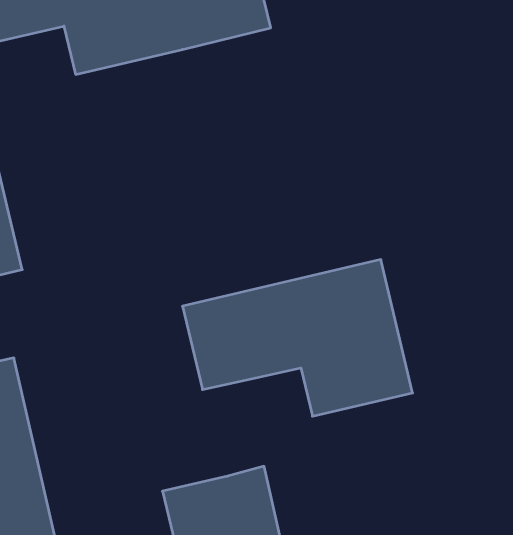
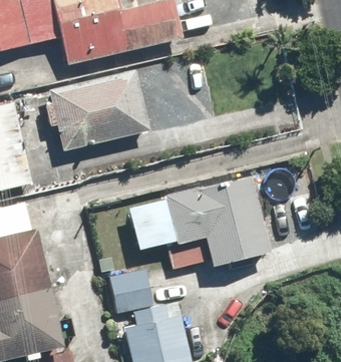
building: none -> [42,71,149,154]
building: none -> [109,267,157,316]

